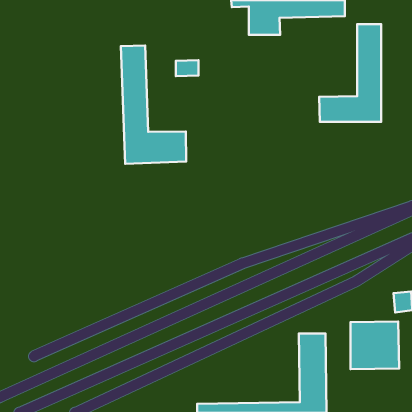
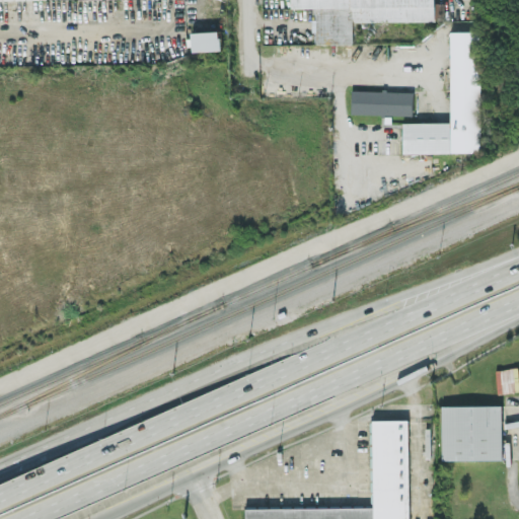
building: [121,45,186,164] -> none
building: [176,60,198,76] -> [190,31,218,52]
building: none -> [349,90,411,116]

